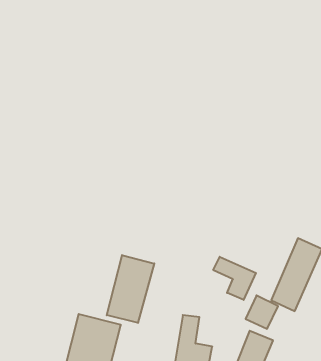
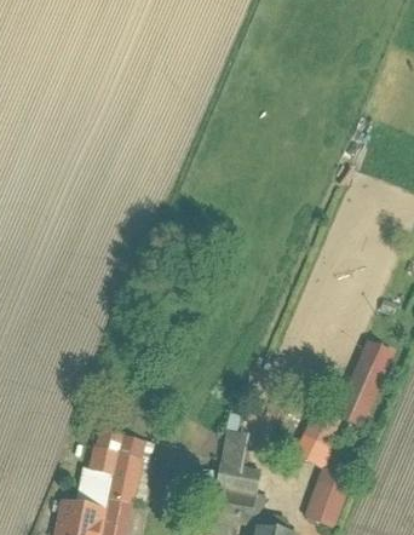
building: [107,255,154,323] -> none
building: [213,257,256,300] -> none

